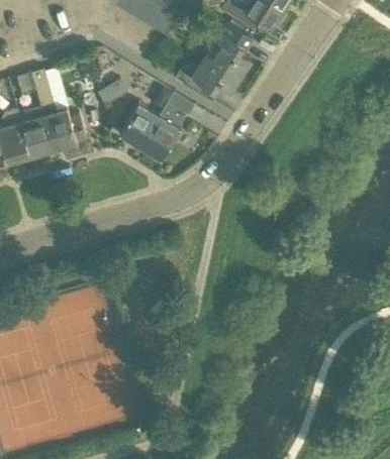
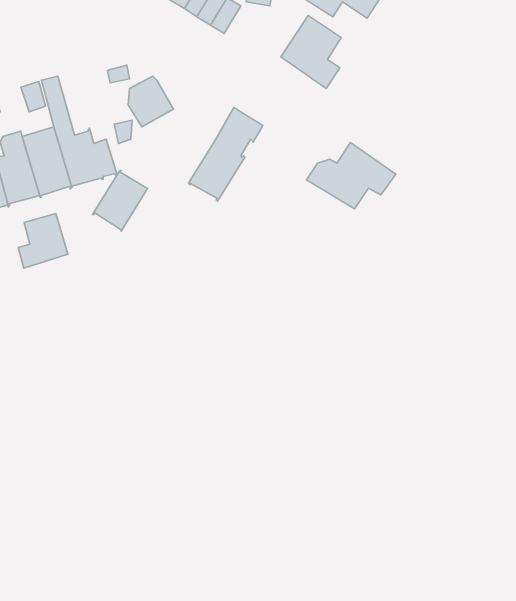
building: [175,55,240,104] -> [306,143,396,209]
building: [118,104,159,148] -> [92,171,147,231]
building: none -> [18,213,68,268]

